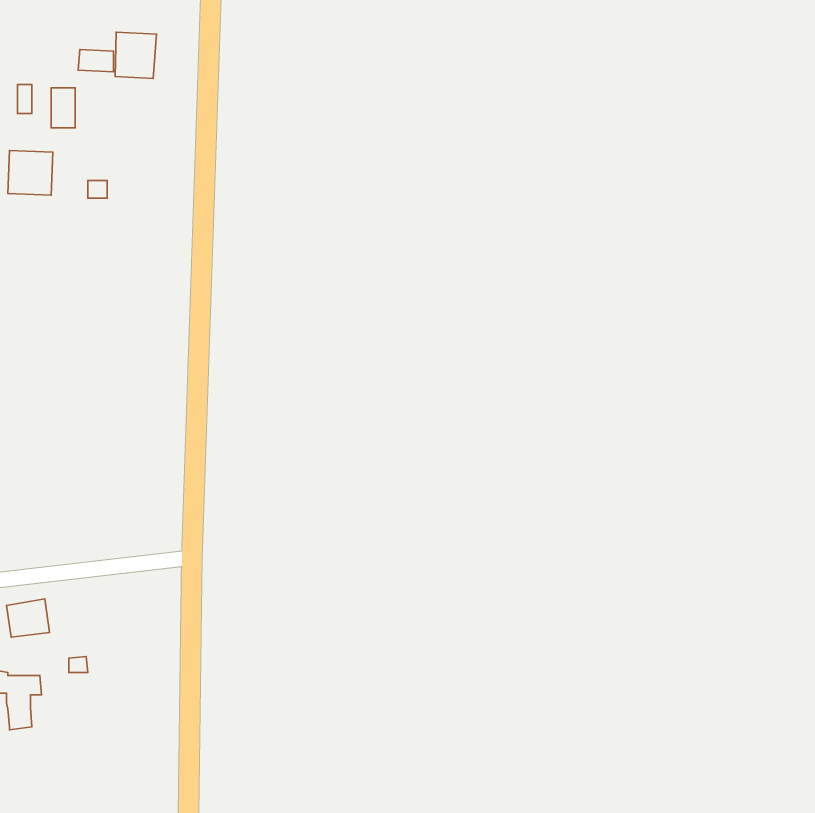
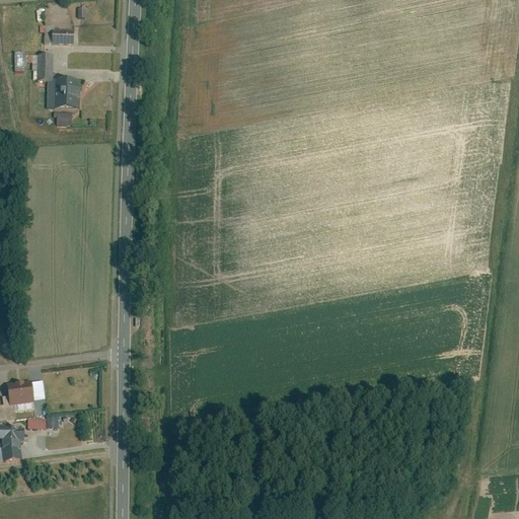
building: [115,32,156,78] -> none
building: [8,150,53,195] -> [49,81,77,109]

